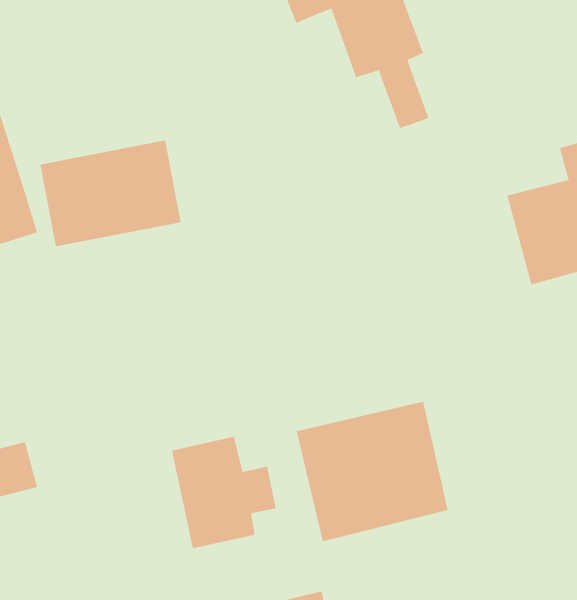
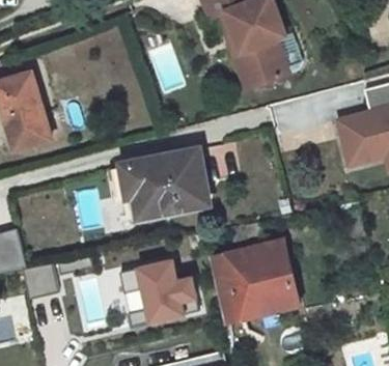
building: none -> [219,7,270,86]
building: [39,140,182,247] -> [126,149,210,213]

